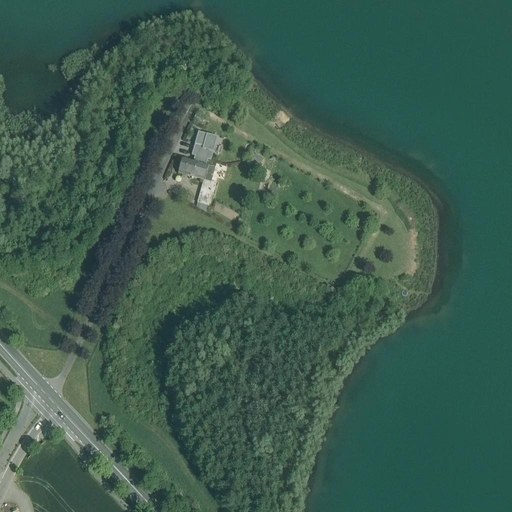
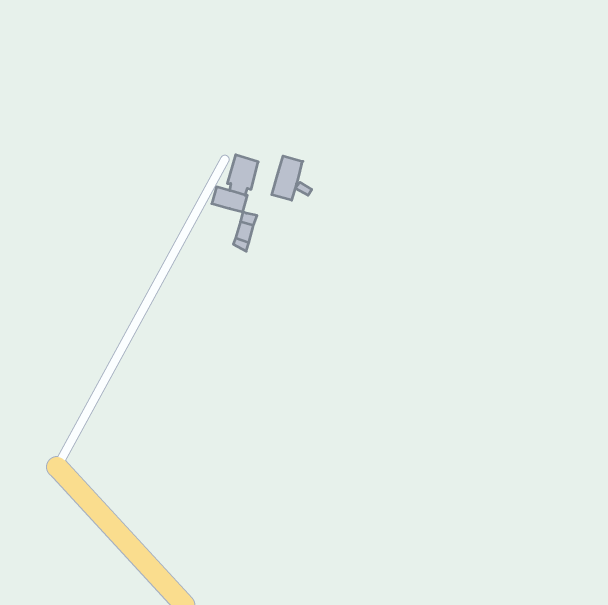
building: none -> [272,156,303,200]

